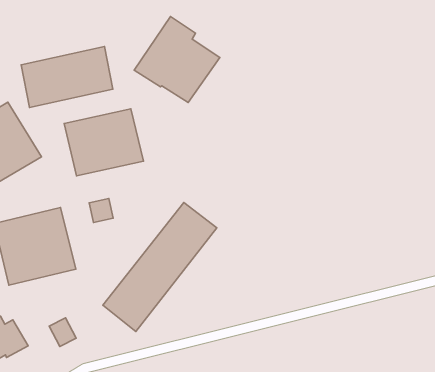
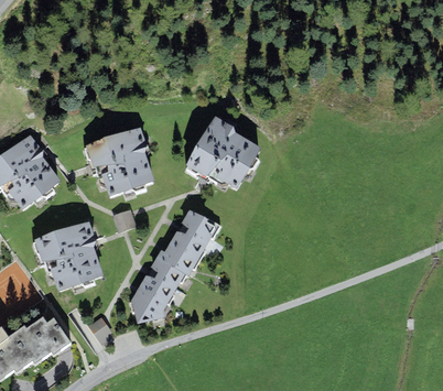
building: [134,16,220,103] -> [186,116,259,188]
building: [21,47,113,107] -> none

